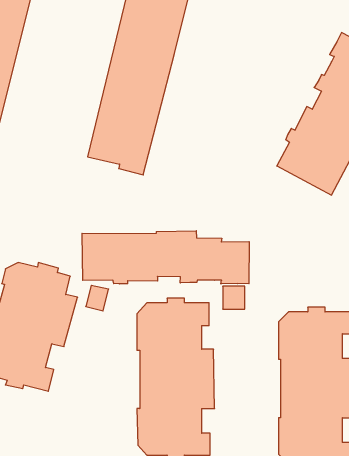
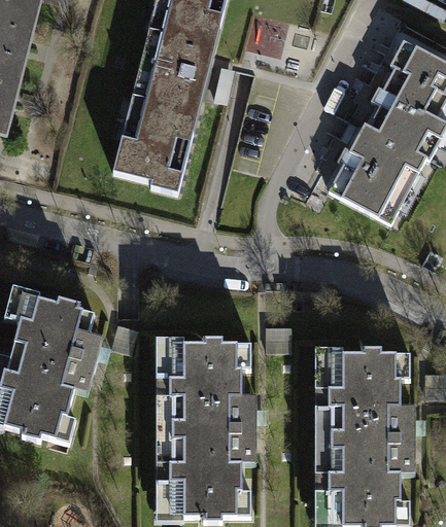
building: [82,231,249,284] -> none

